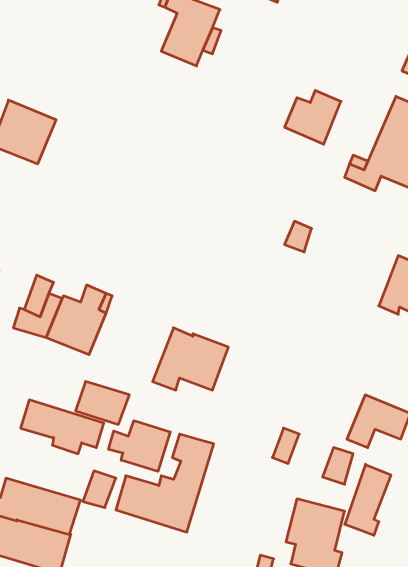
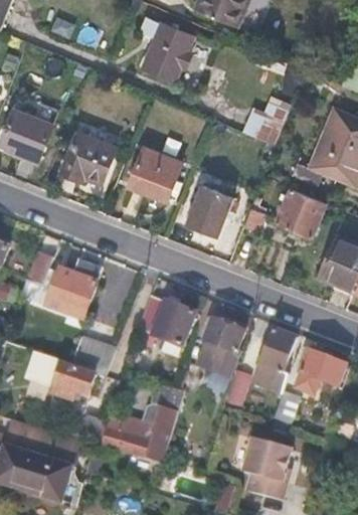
building: none -> [61,133,117,184]
building: none -> [128,148,182,201]
building: none -> [186,185,233,237]
building: none -> [277,189,325,237]
building: none -> [207,321,244,378]
building: [109,421,170,471] -> none
building: [345,464,391,535] -> [256,329,295,387]

